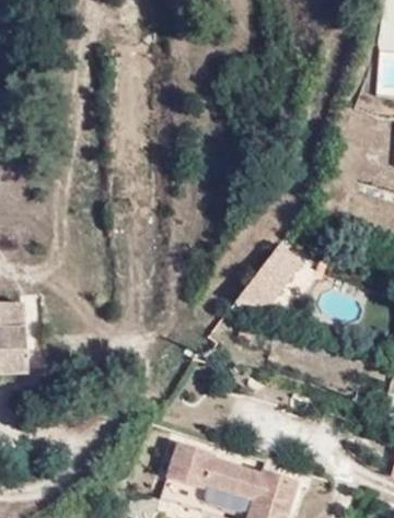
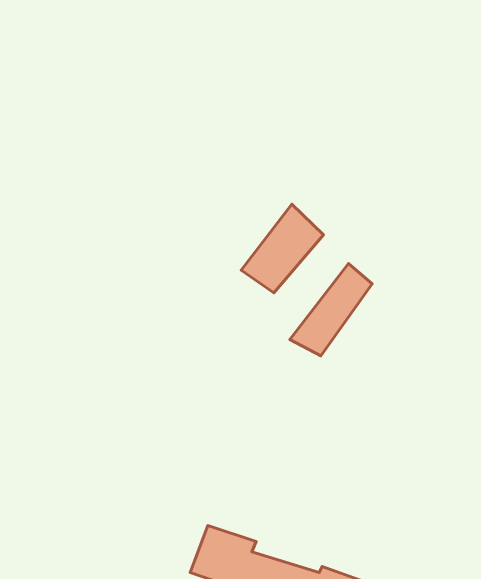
building: none -> [241,204,323,293]

